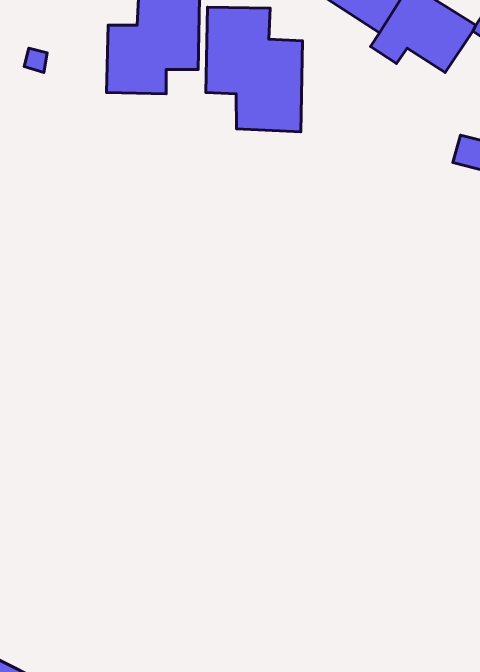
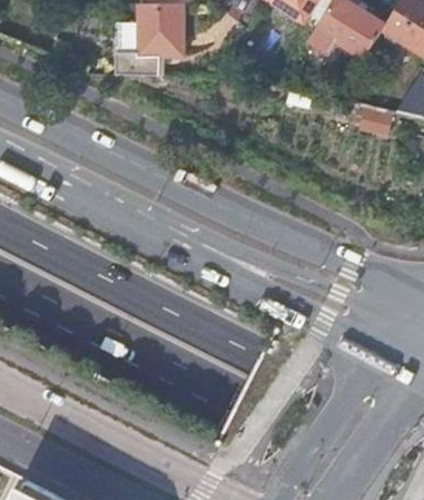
building: [206,7,303,132] -> none

